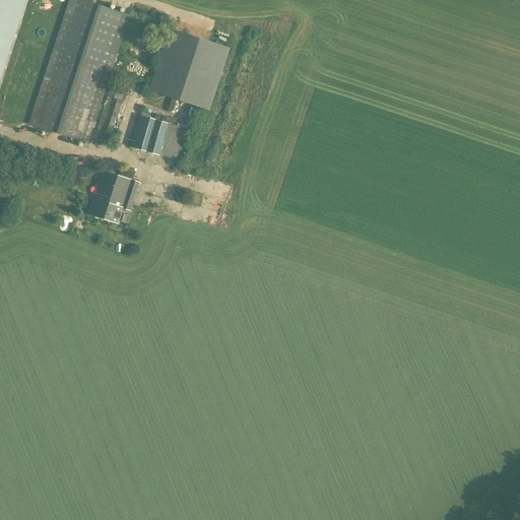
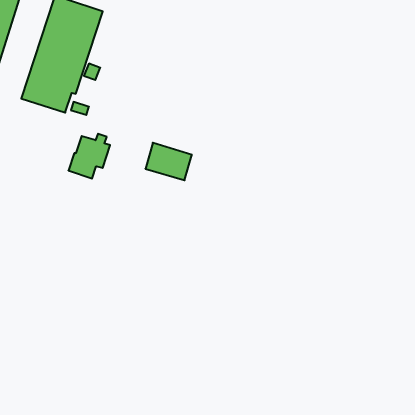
building: [146,26,228,110] -> none
building: [128,113,186,159] -> [145,143,192,180]

